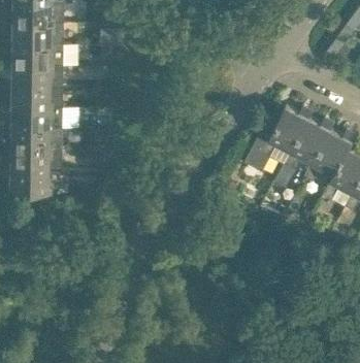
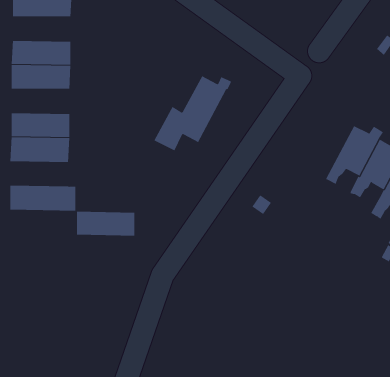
building: [11,26,63,47] -> none
building: [10,89,62,110] -> none
building: [244,108,313,174] -> [153,75,232,151]
building: [9,152,61,173] -> [76,211,135,236]

